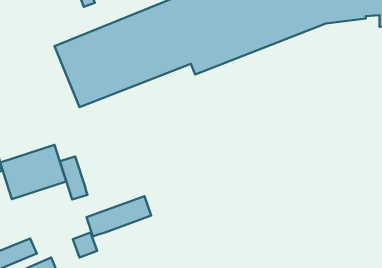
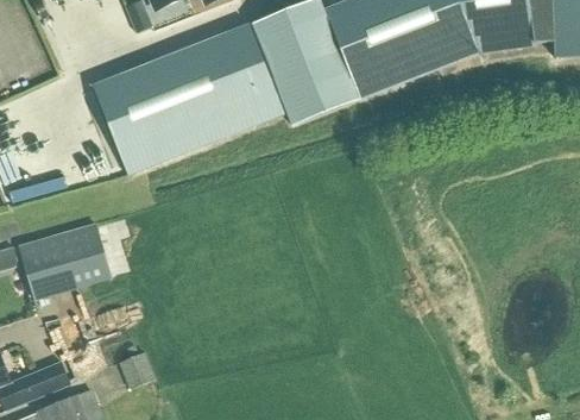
building: [60,157,87,199] -> none
building: [86,196,151,237] -> none

